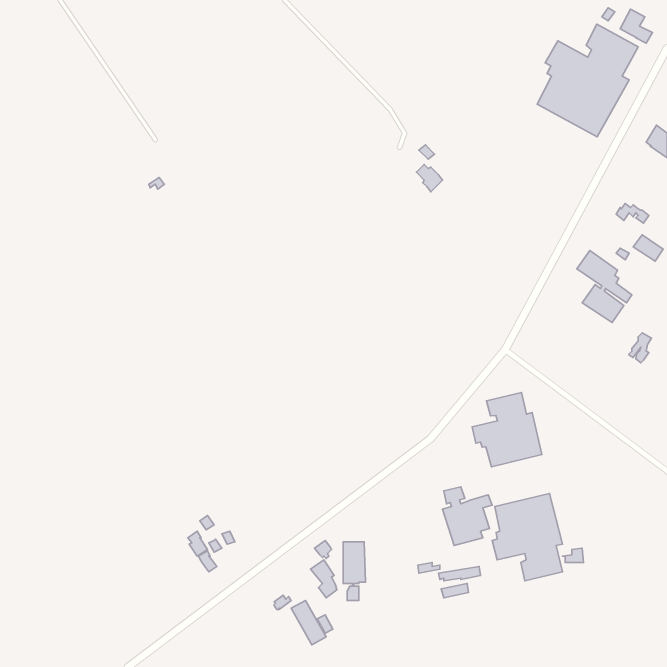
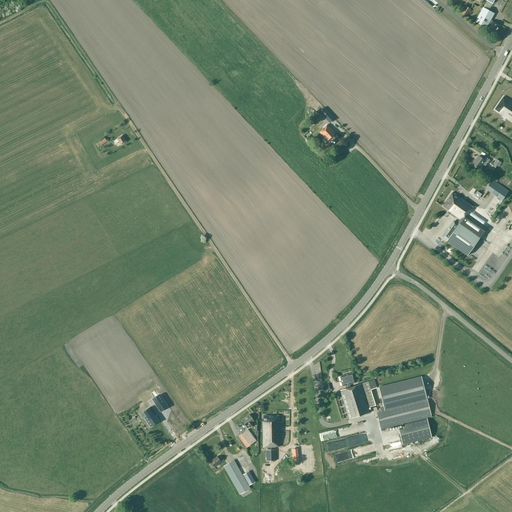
building: [537,24,638,137] -> none
building: [472,392,542,467] -> none

